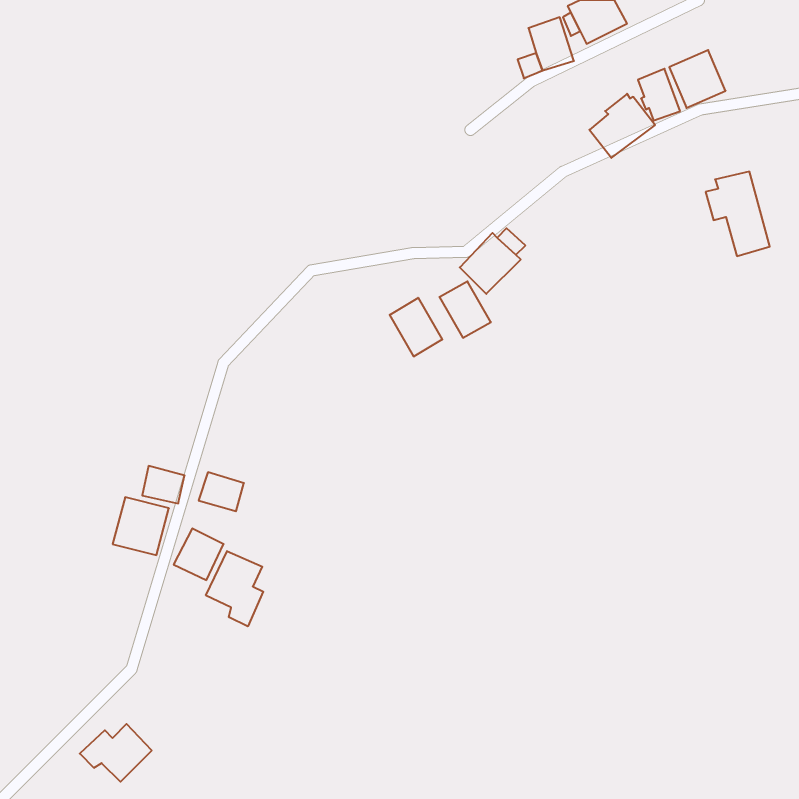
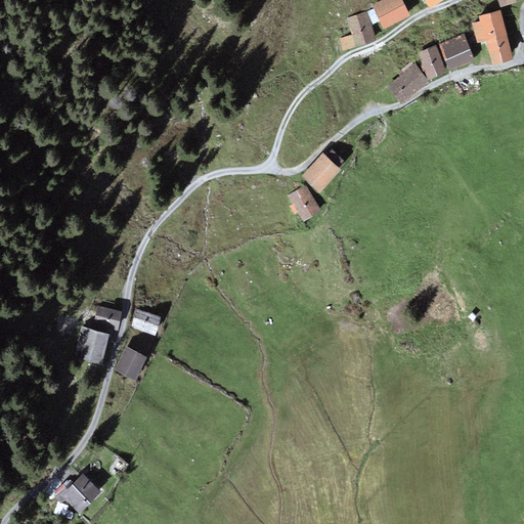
building: [706,172,770,256] -> [472,10,514,66]
building: [390,298,442,357] -> none
building: [206,551,263,626] -> none

